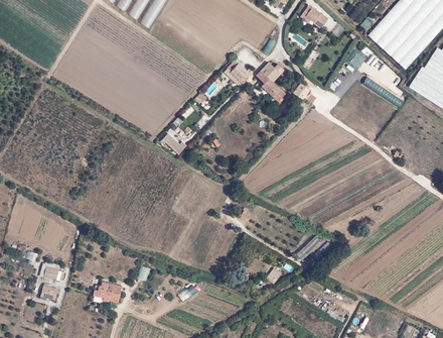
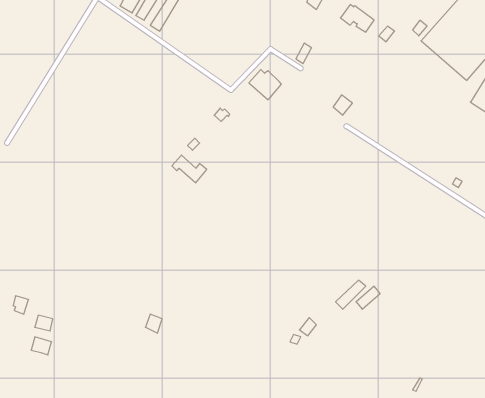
building: [256,61,285,99] -> none
building: [93,280,122,302] -> none

